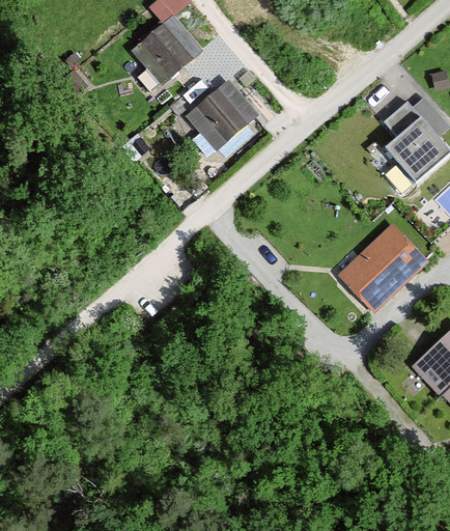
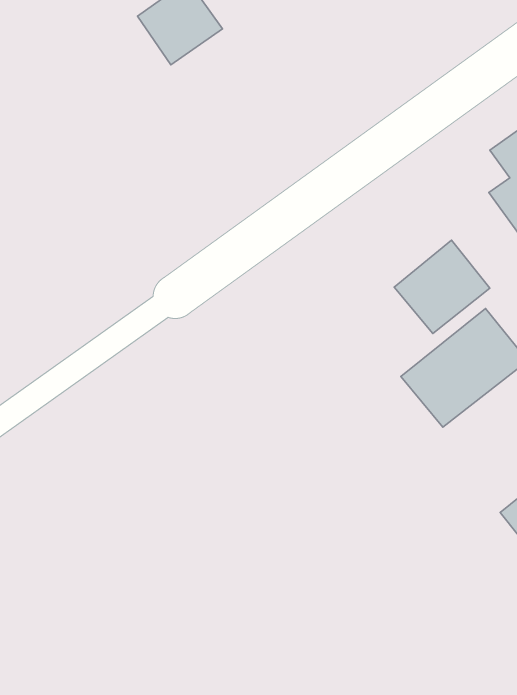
building: [189,89,246,146] -> none
building: none -> [394,240,490,334]

